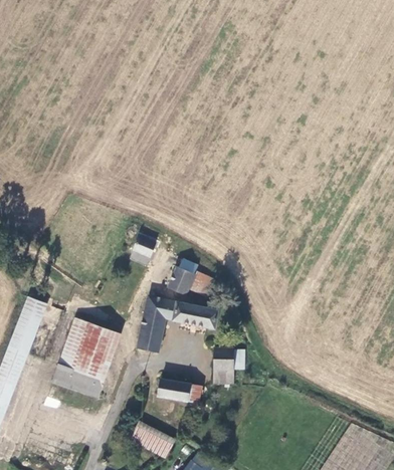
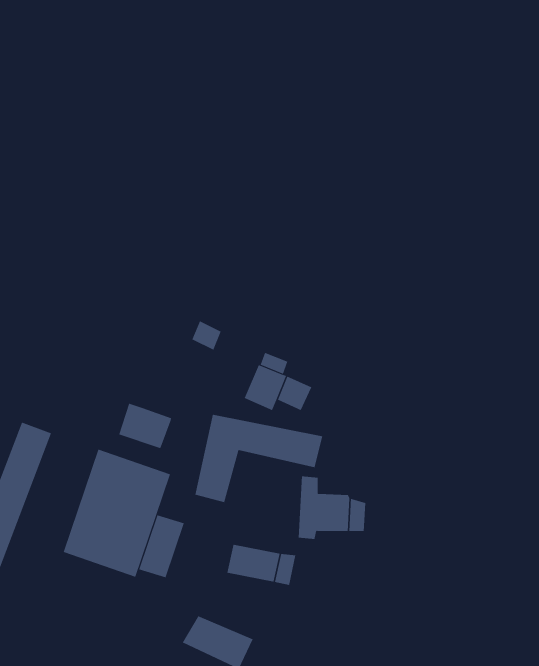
building: none -> [119,403,172,449]
building: none -> [138,514,185,578]

